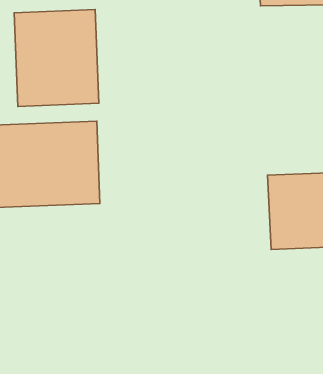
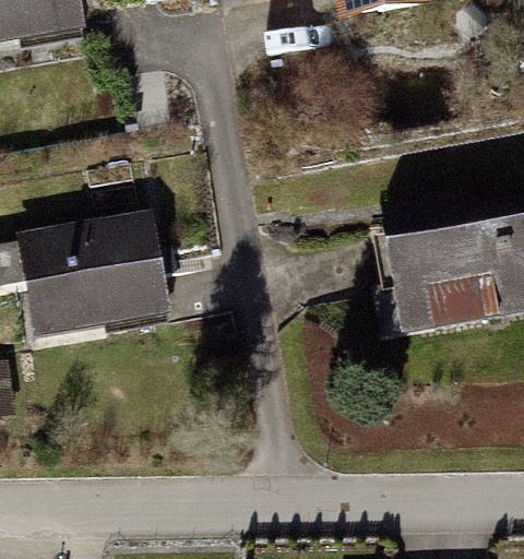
building: [14,9,99,106] -> none

